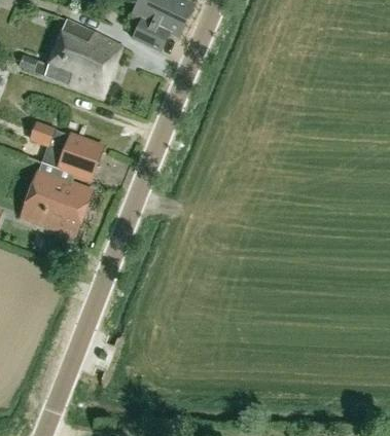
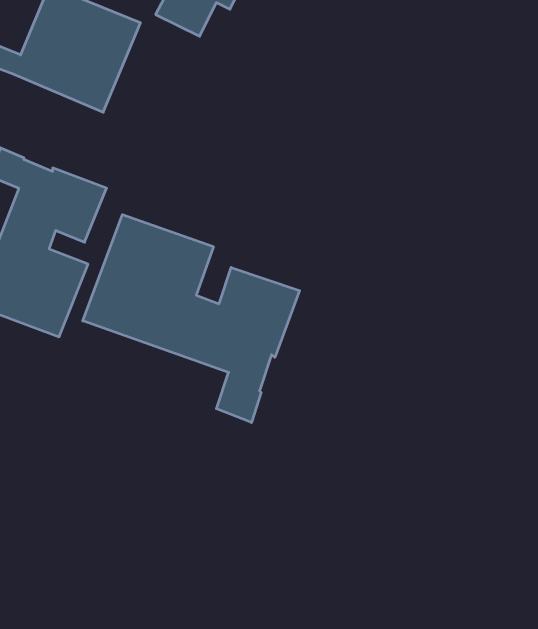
building: none -> [83,215,300,423]

